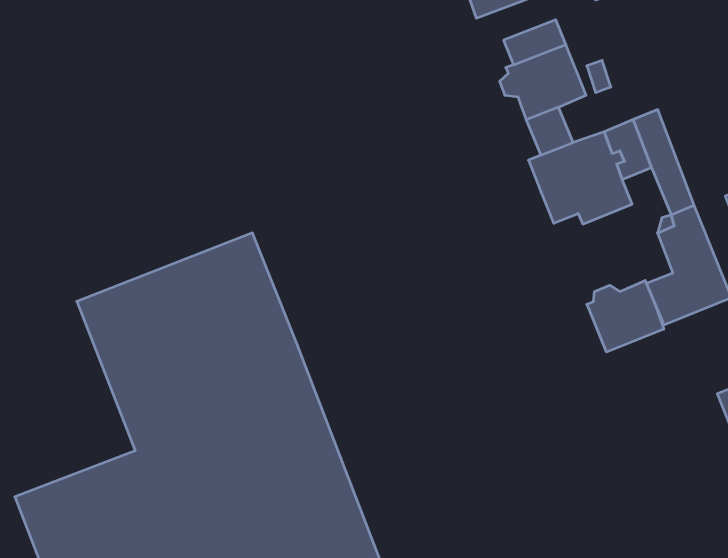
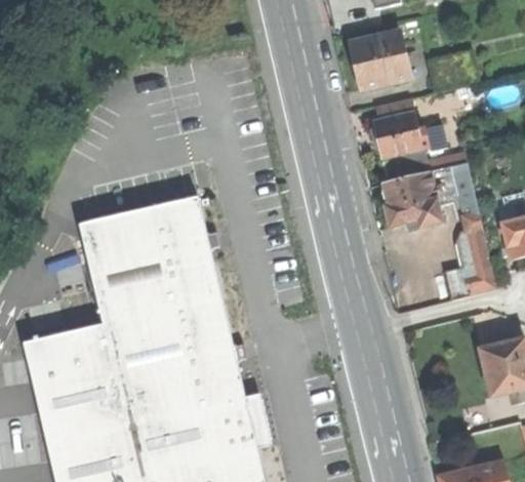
building: [587,280,664,352] -> none

